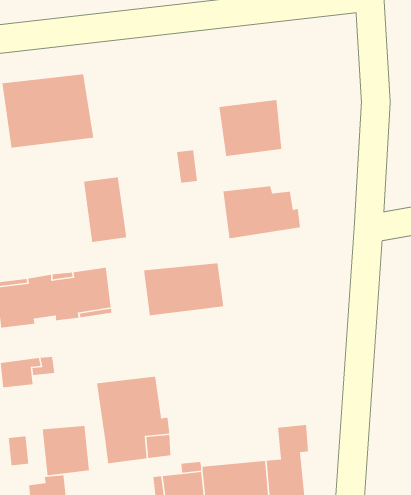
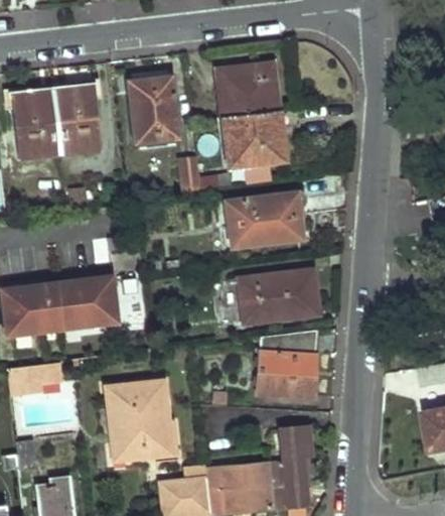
building: none -> [216,62,280,116]
building: none -> [128,85,180,143]
building: [83,177,127,243] -> none
building: [143,263,224,316] -> [241,270,320,322]
building: none -> [262,330,319,396]
building: [42,425,90,476] -> none

